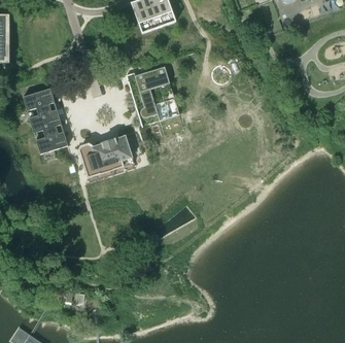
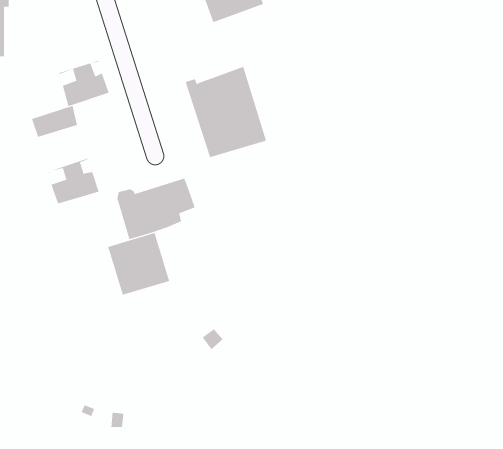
building: [27,101,61,132] -> [58,60,110,107]
building: none -> [107,232,170,295]

